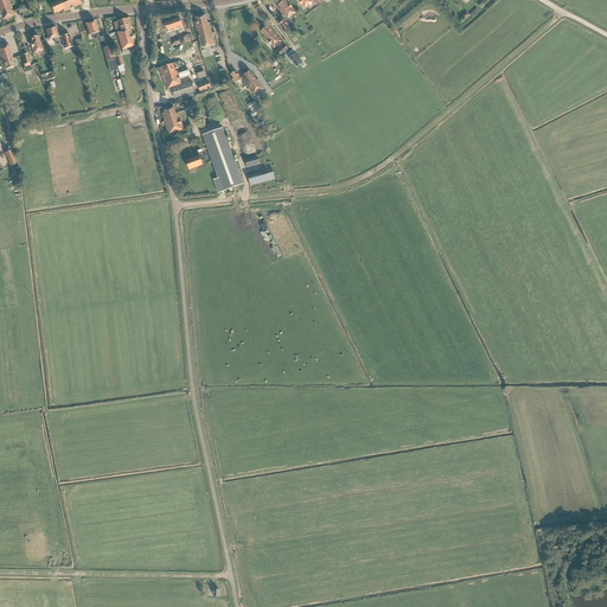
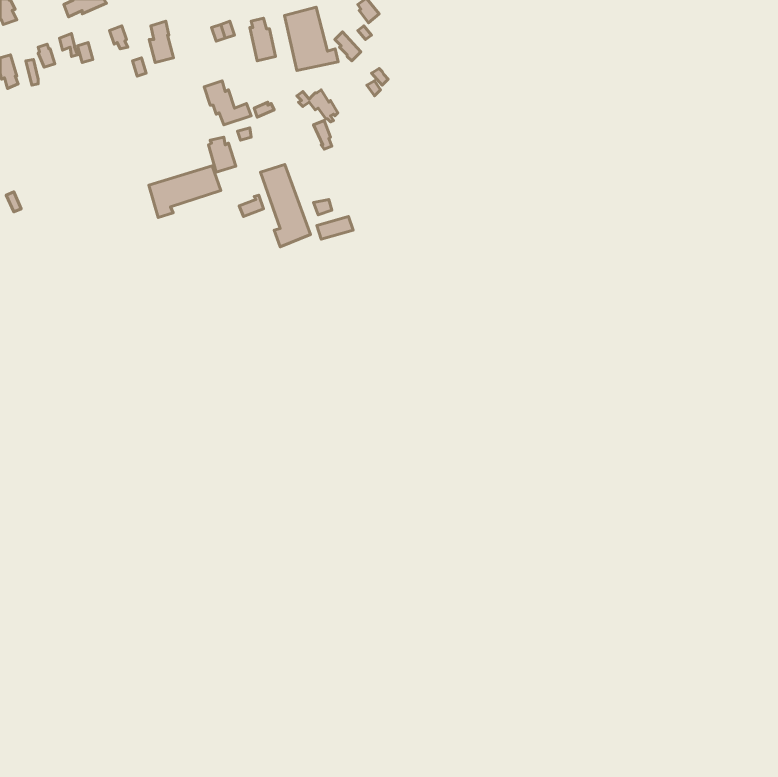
building: none -> [284,7,338,71]
building: none -> [149,166,221,218]

